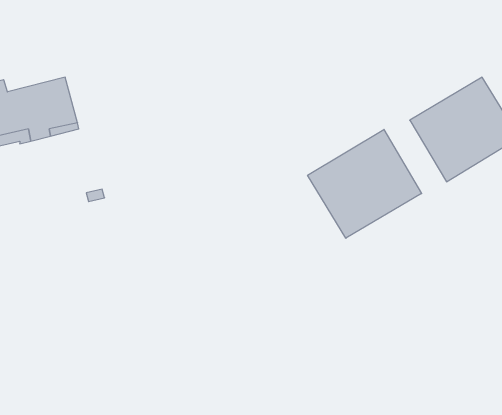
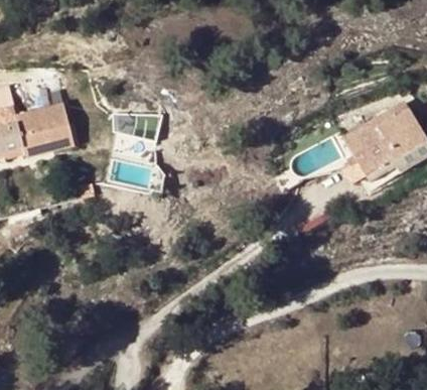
building: [308,129,422,238] -> none

